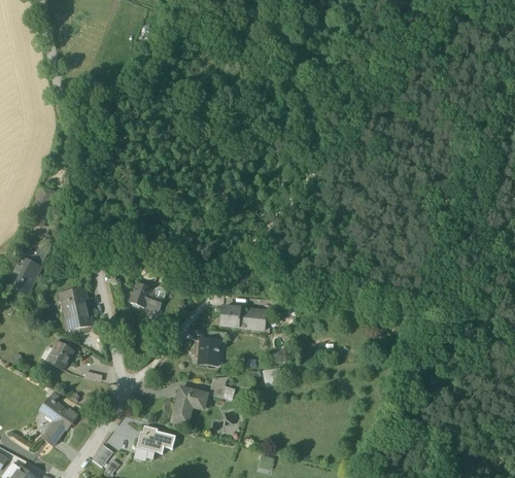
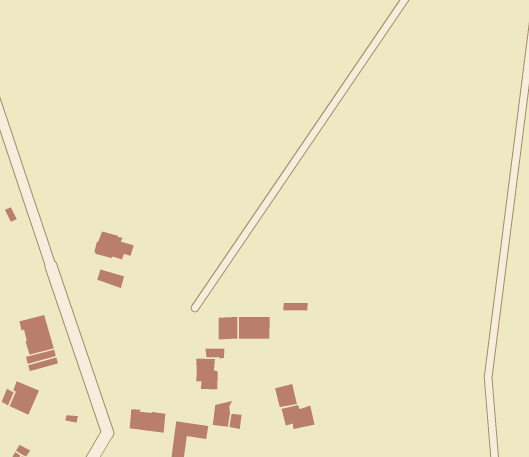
building: [129,283,163,309] -> [93,231,135,260]
building: none -> [129,408,166,433]
building: none -> [281,404,316,430]

